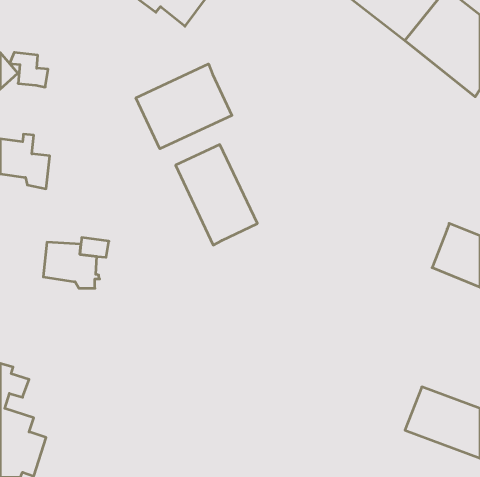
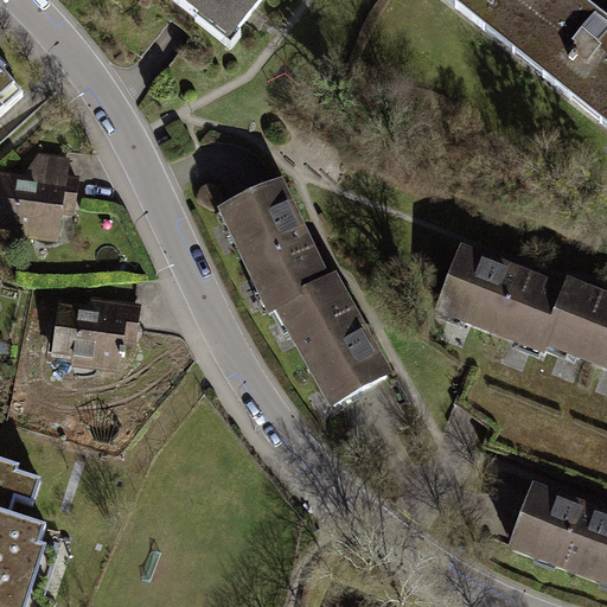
building: [10,52,48,87] -> [30,155,78,199]
building: [136,64,232,149] -> none
building: none -> [439,249,564,345]
building: none -> [280,277,385,403]

